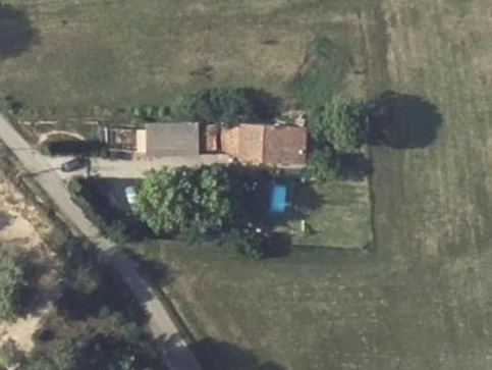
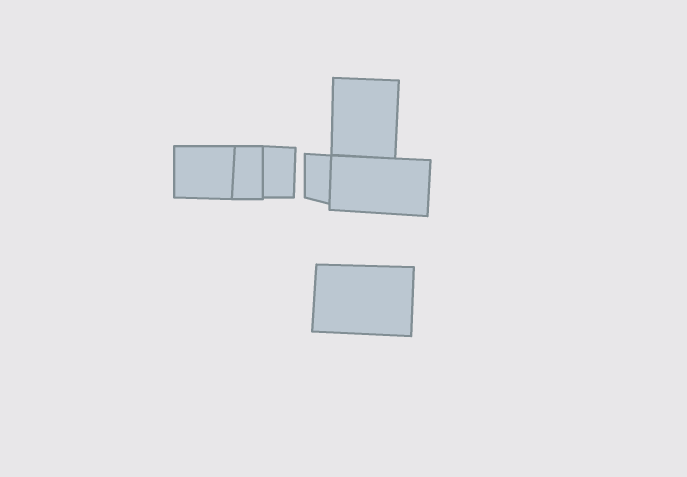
building: none -> [332,78,399,158]
building: none -> [312,265,414,336]

